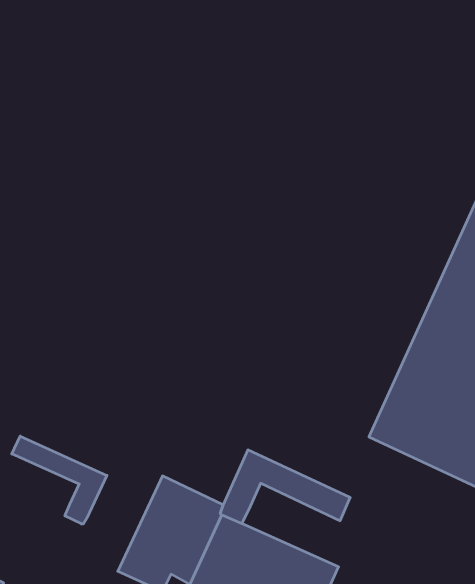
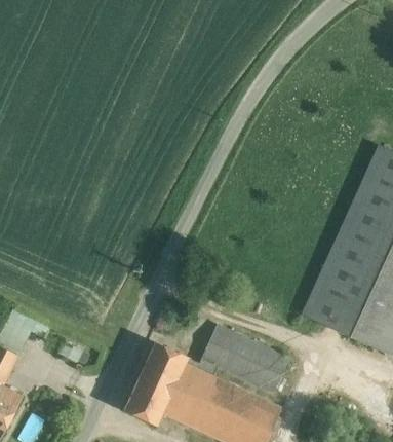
building: [12,436,107,524] -> none
building: none -> [217,347,281,392]

